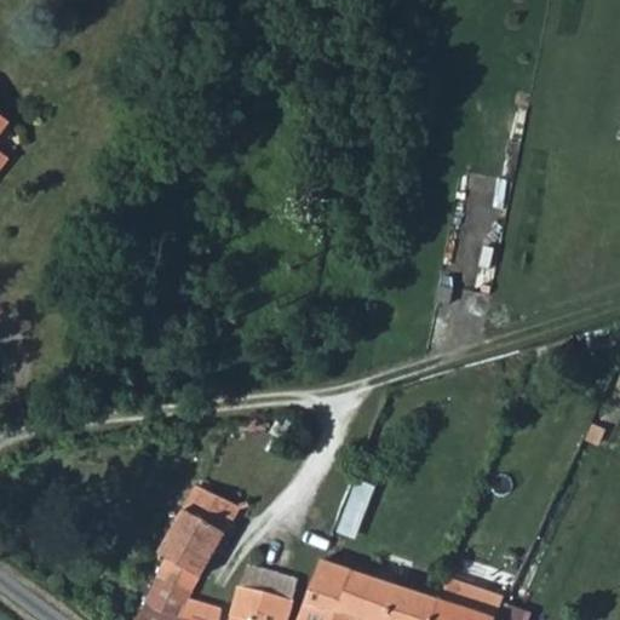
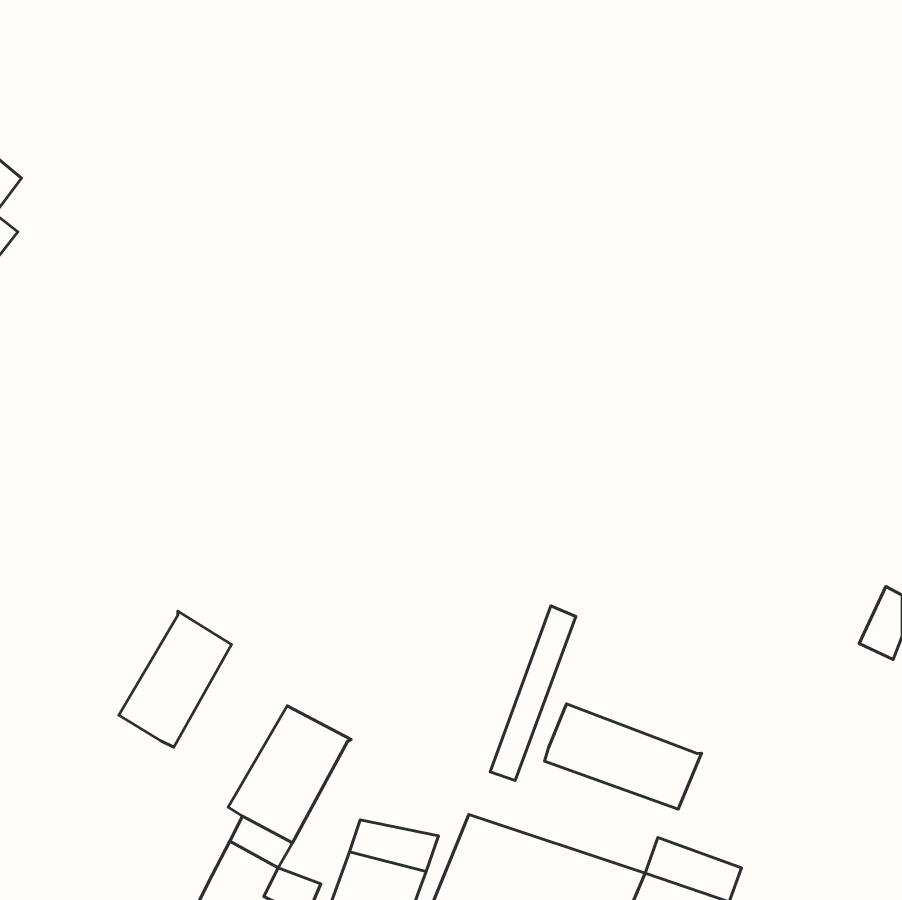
building: none -> [119,611,232,747]
building: none -> [544,704,702,809]

